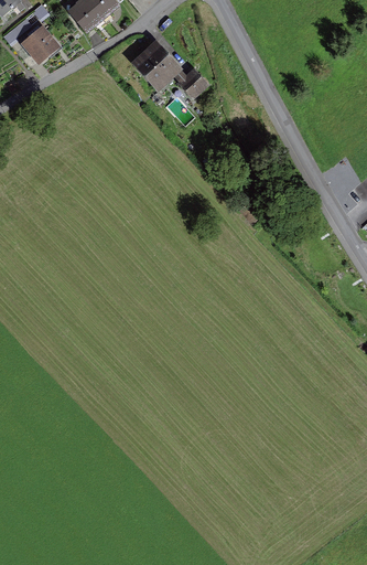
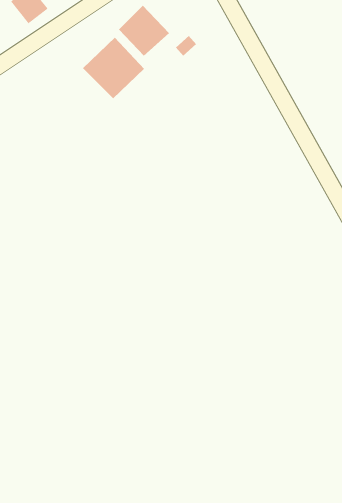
building: none -> [82,37,145,99]

